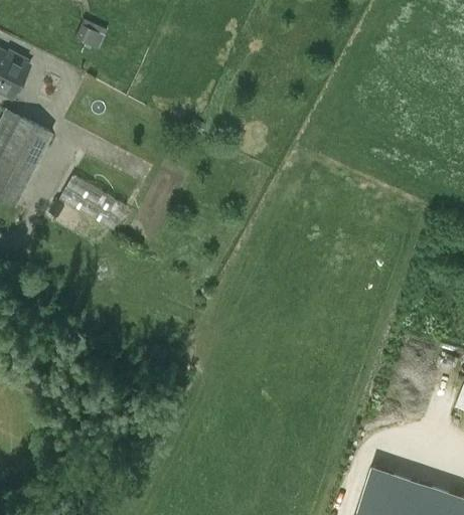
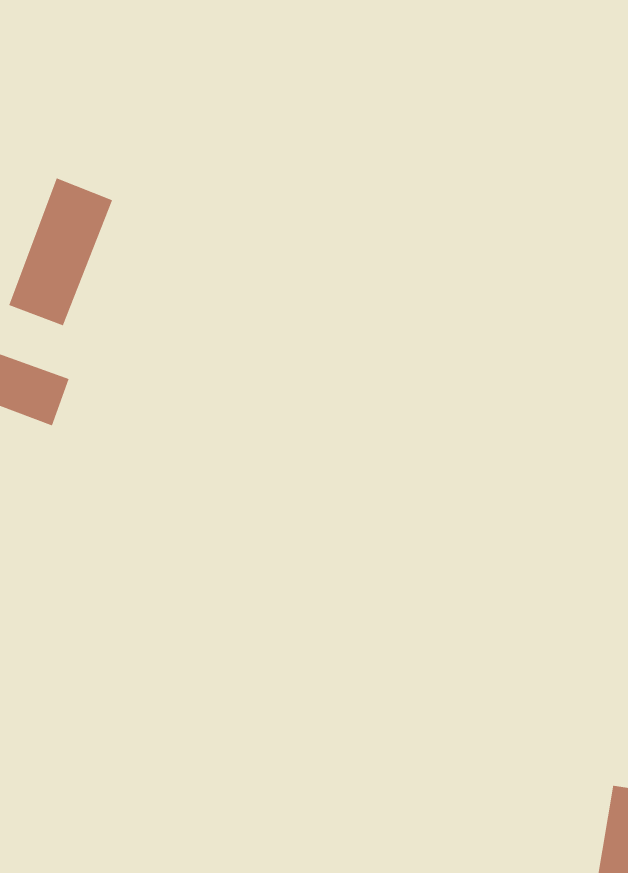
building: none -> [8,178,113,326]

